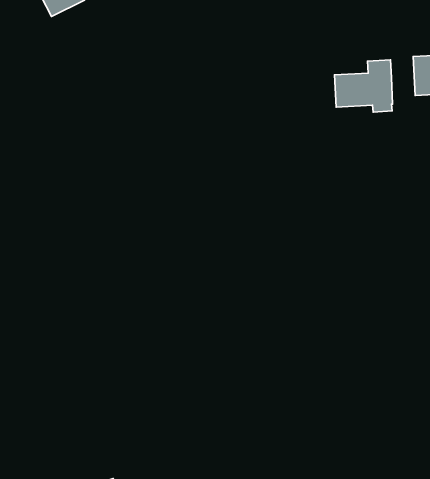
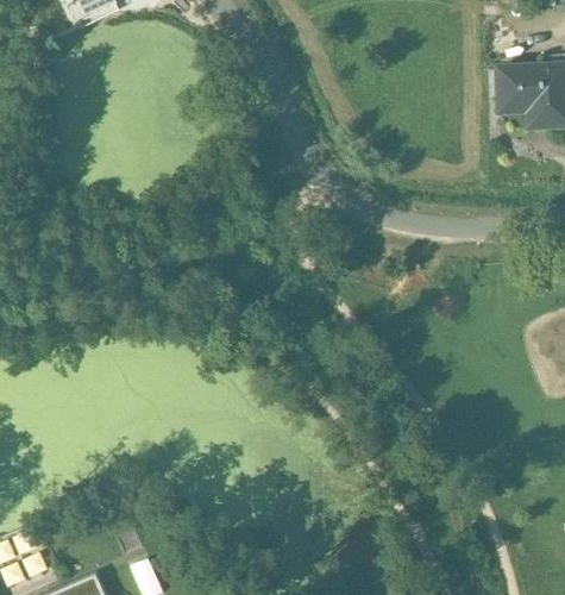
building: [334,60,392,112] -> none

